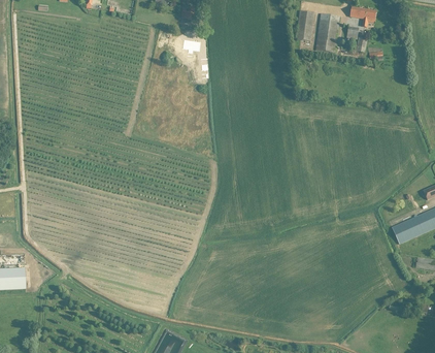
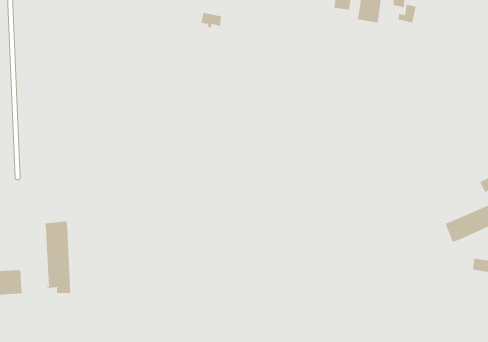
building: none -> [45,220,71,294]

